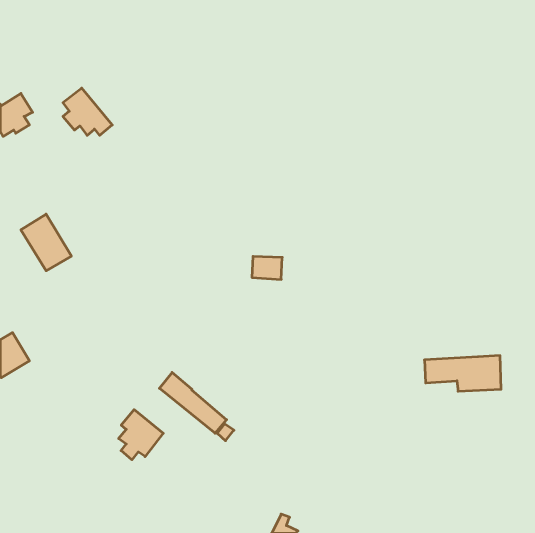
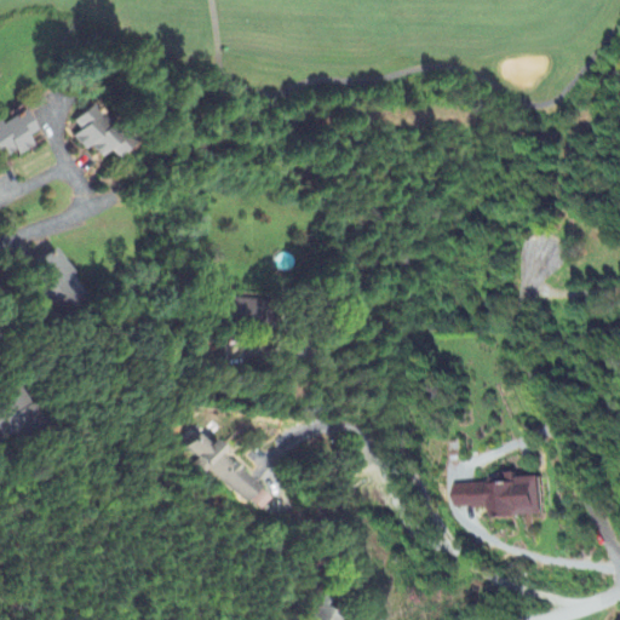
building: [252,256,282,279] -> [231,297,266,323]
building: [424,356,501,391] -> [457,476,545,517]
building: [119,410,163,460] -> none

